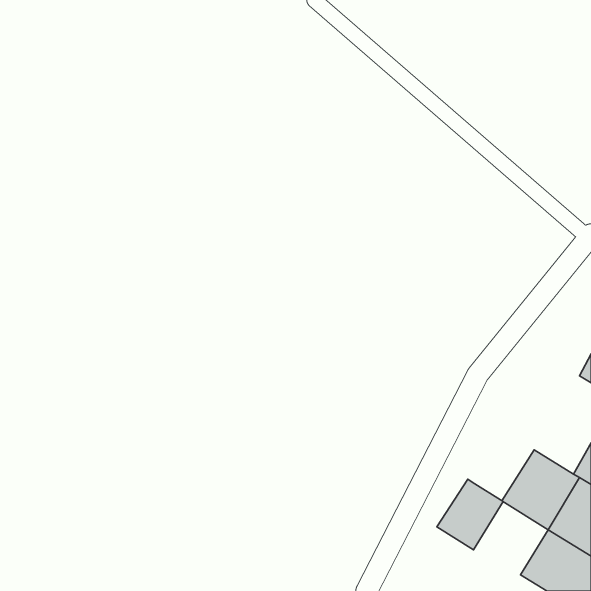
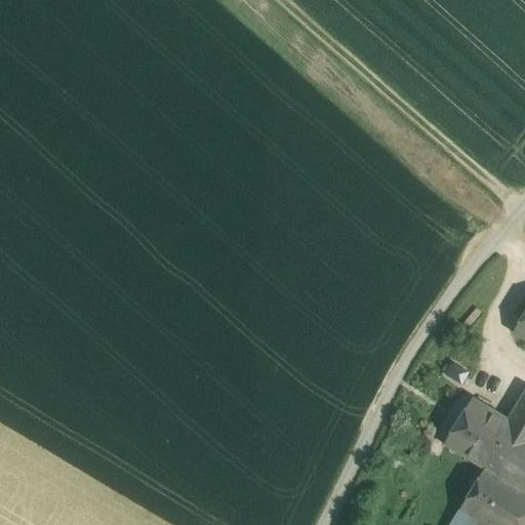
building: [437,479,503,550] -> none

